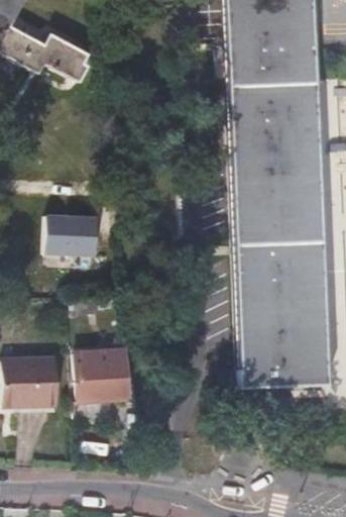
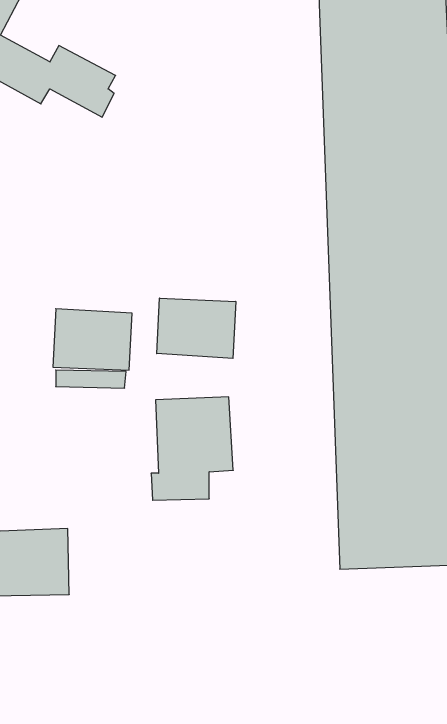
building: none -> [157,298,236,358]
building: [75,349,130,419] -> [151,397,233,500]

